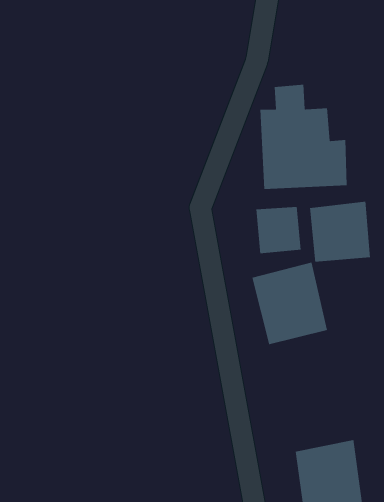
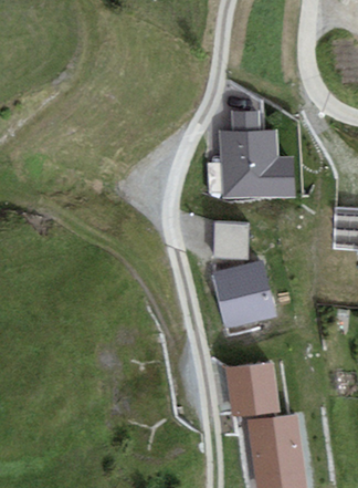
building: [310,201,370,263] -> none
building: none -> [227,359,281,416]

